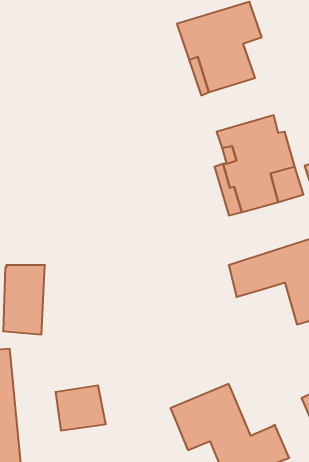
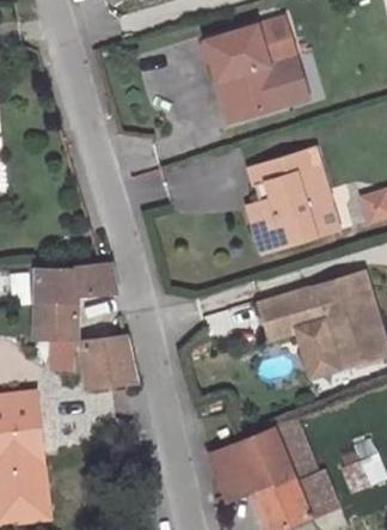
building: none -> [29,260,113,305]
building: none -> [308,322,345,376]
building: none -> [271,422,318,488]
building: [55,385,106,431] -> [76,339,131,388]

